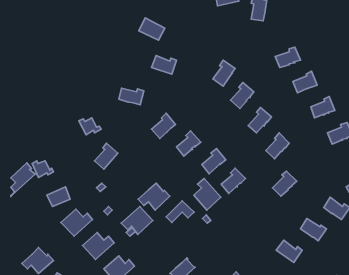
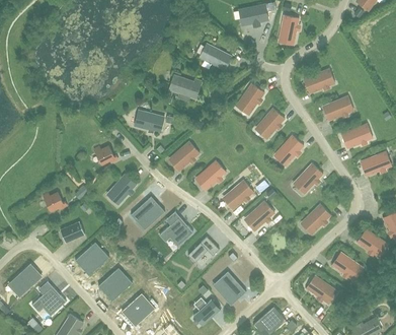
building: [139,18,165,40] -> [203,45,231,69]
building: [11,163,35,196] -> [13,264,39,300]
building: [194,178,221,210] -> [216,271,245,306]
building: [121,207,153,235] -> [130,196,164,226]

